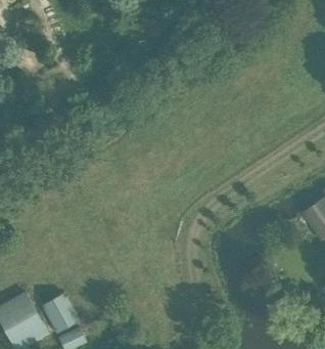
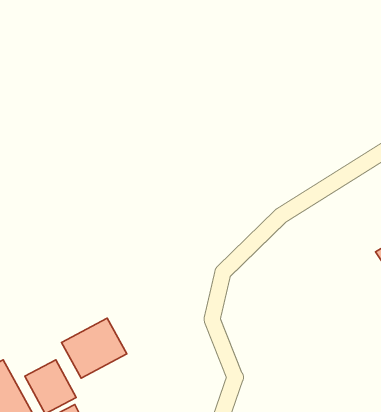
building: none -> [61,318,127,378]

